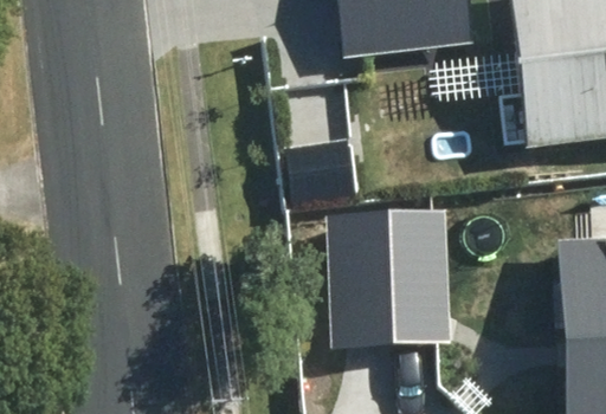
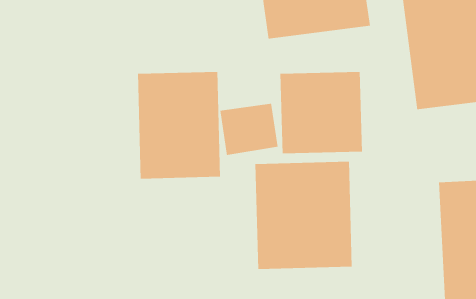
building: none -> [137,71,221,179]
building: none -> [280,71,362,154]

